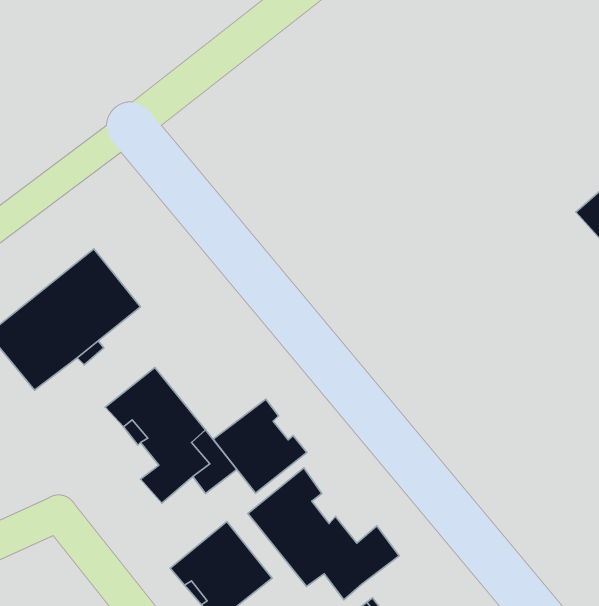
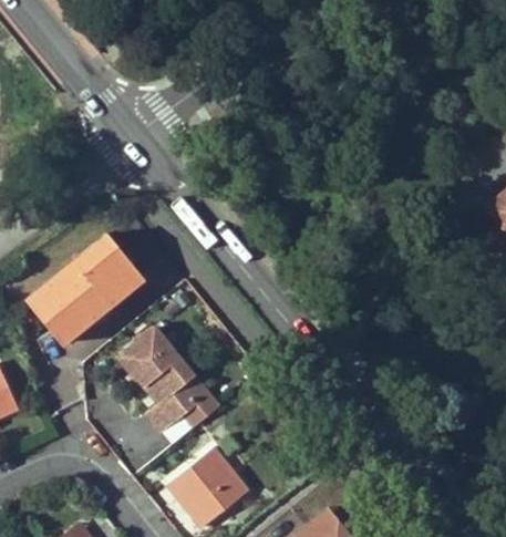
building: [213,399,307,493] -> none
building: [248,468,399,600] -> none

